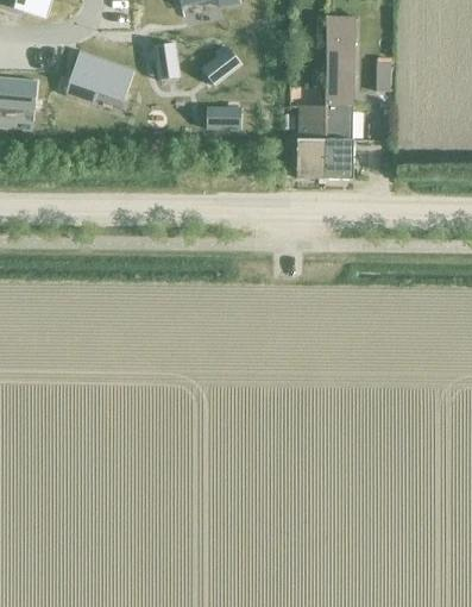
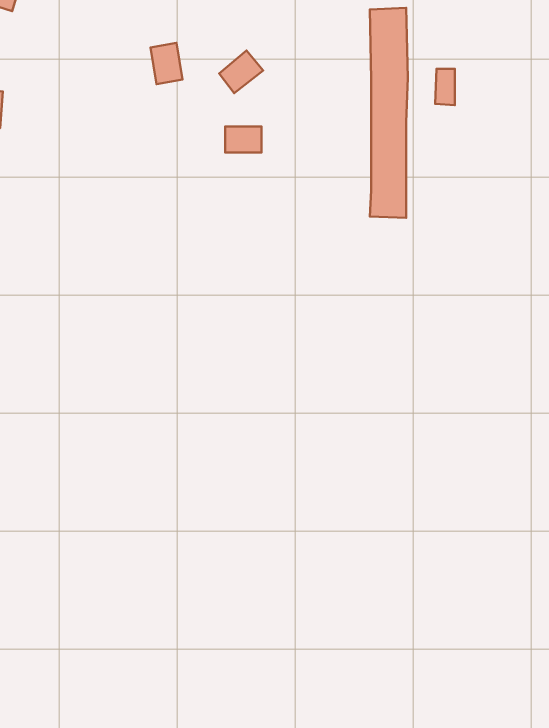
building: [64,51,132,101] -> none
building: [297,107,326,179] -> none

